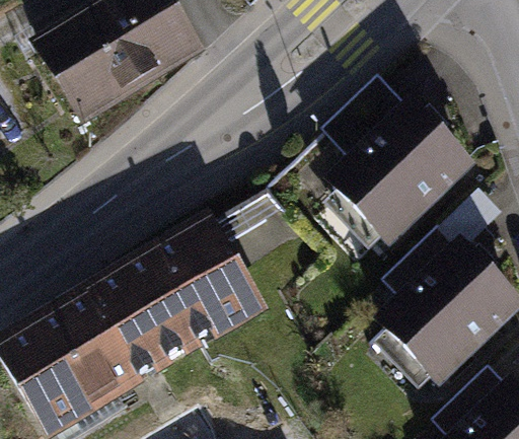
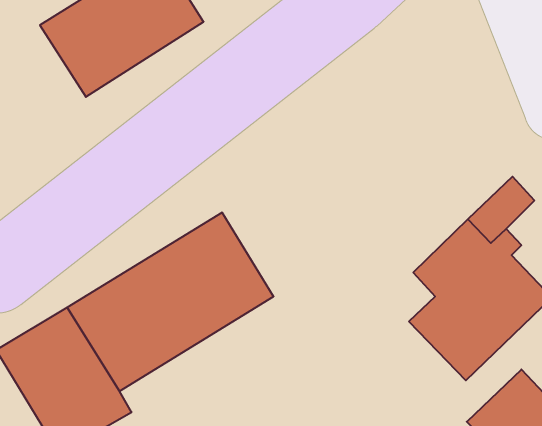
building: [328,81,469,242] -> none

